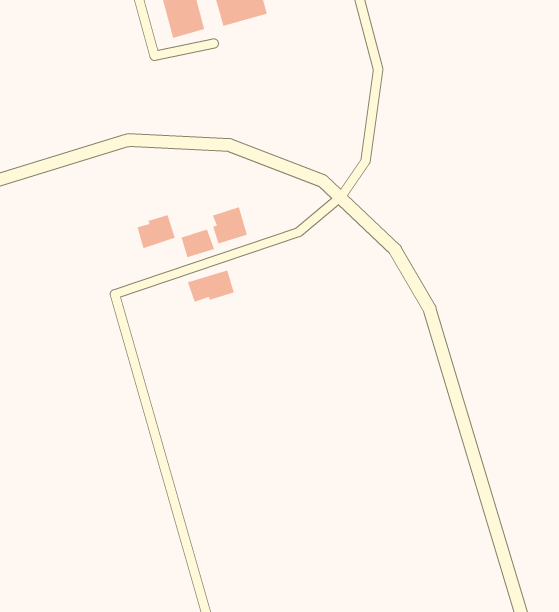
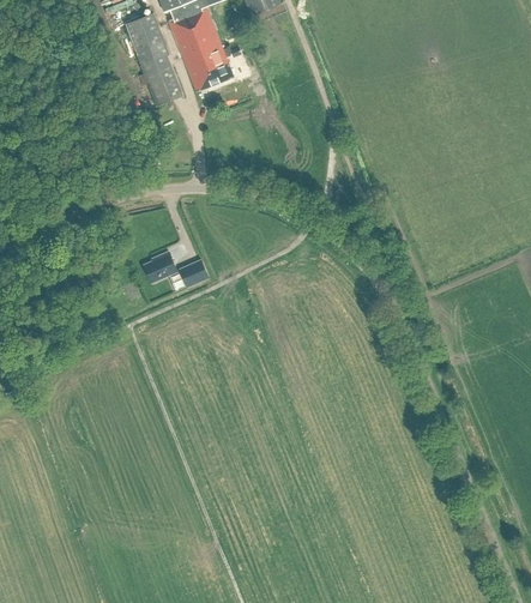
building: [212,206,248,244] -> none
building: [187,270,235,303] -> none

